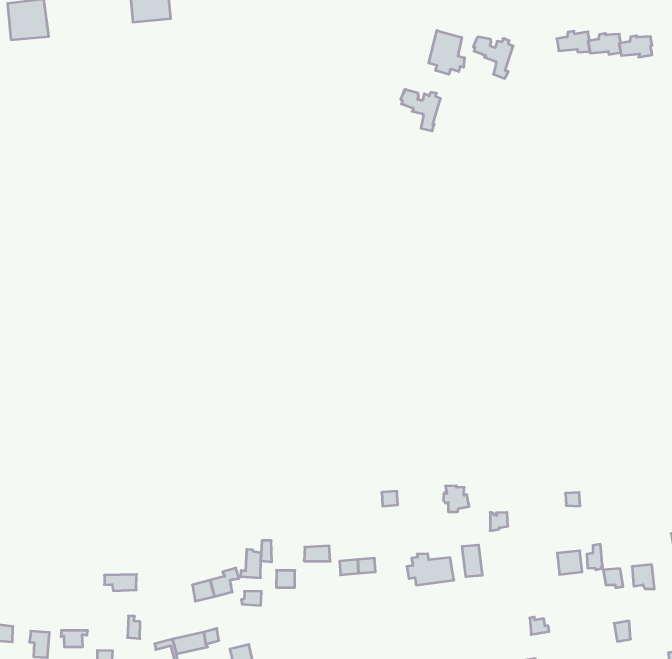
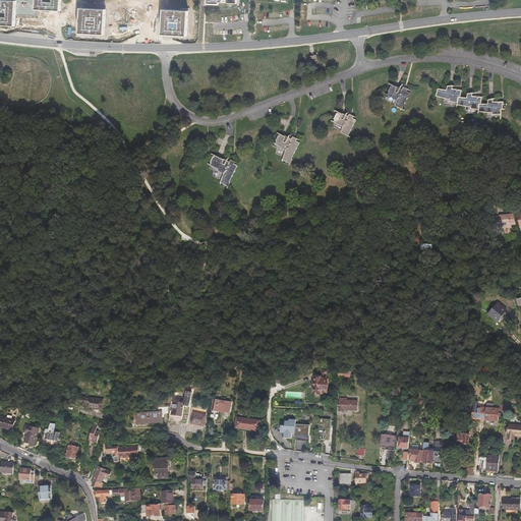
building: [429,30,465,74] -> none
building: none -> [271,132,298,163]
building: none -> [204,154,234,184]

